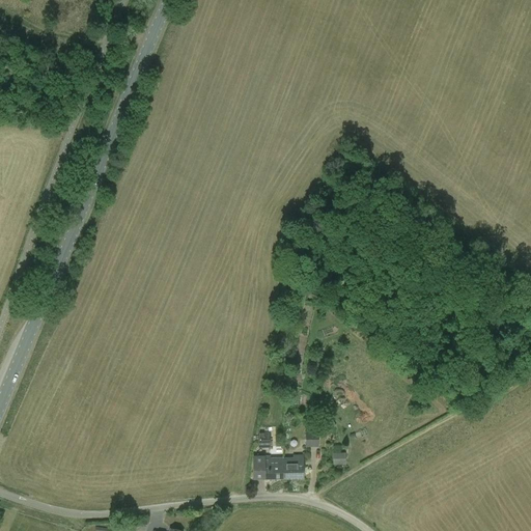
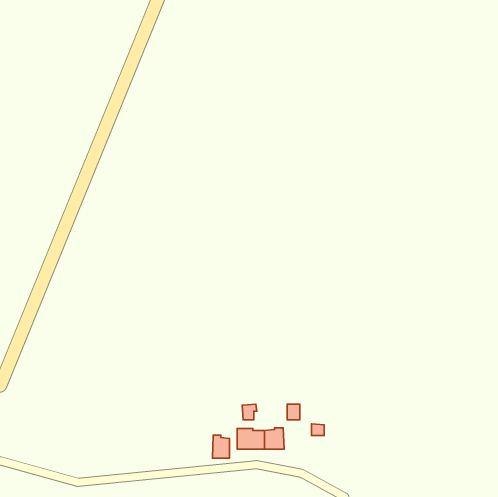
building: none -> [212,435,229,458]

